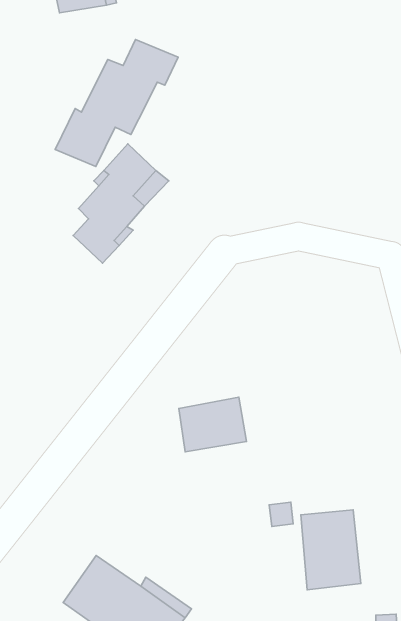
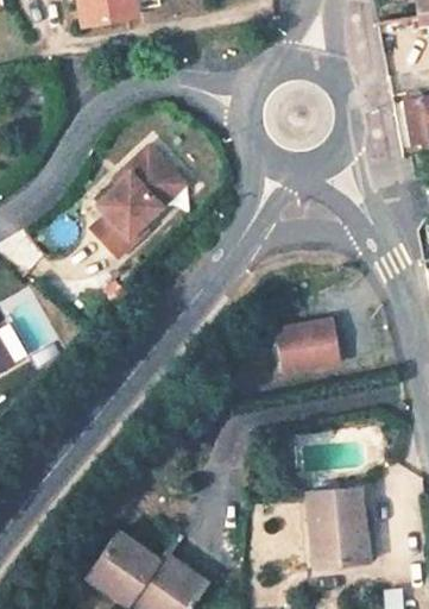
building: [55,40,178,166] -> none
building: [179,397,246,452] -> [275,319,337,370]

